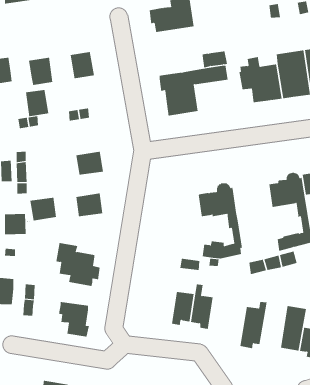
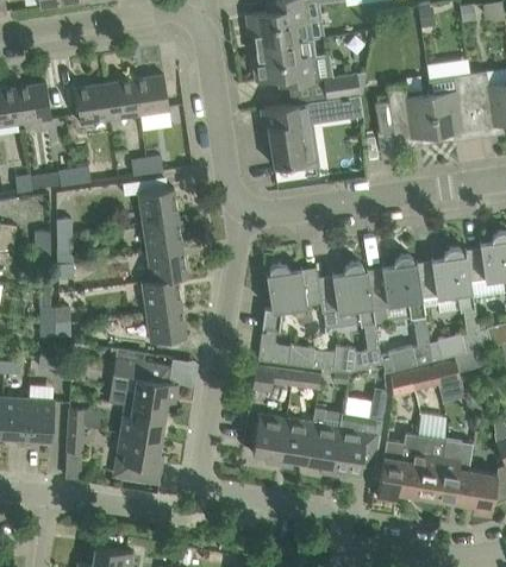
building: none -> [252,39,314,86]
building: [25,90,49,117] -> [105,80,139,119]
building: none -> [138,188,177,223]
building: none -> [368,254,432,374]
building: none -> [257,264,325,368]
building: [26,197,57,222] -> [142,247,186,283]
building: none -> [145,307,186,342]
building: none -> [251,366,293,392]
building: none -> [332,392,386,475]
building: none -> [119,405,165,439]
building: none -> [406,412,445,499]
building: none -> [252,414,286,465]

